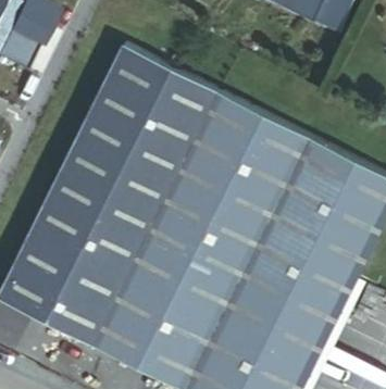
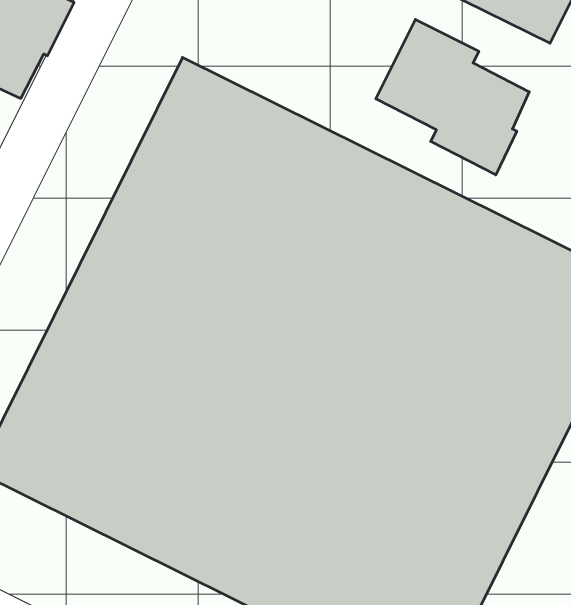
building: none -> [376,19,529,175]

